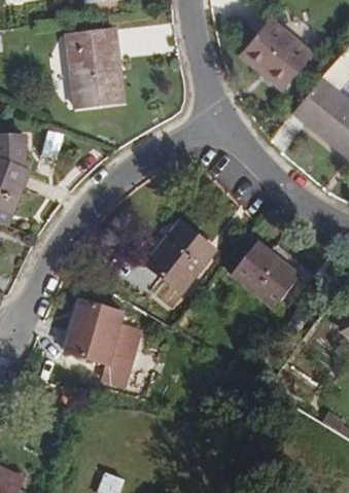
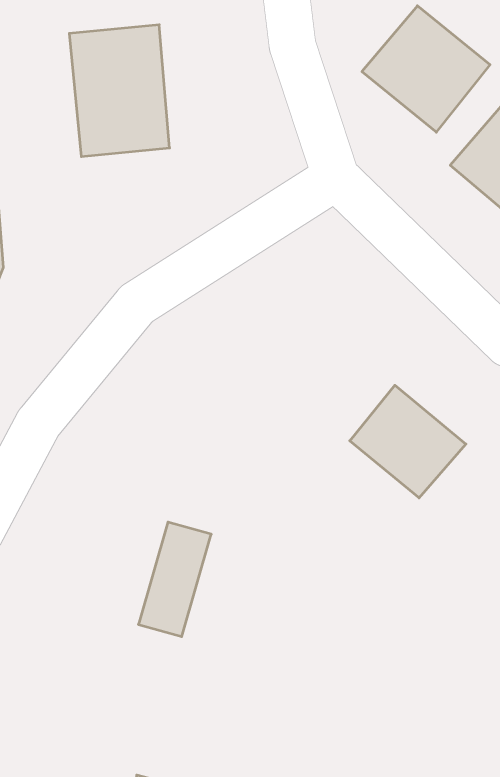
building: [142,220,215,296] -> none
building: [64,303,123,367] -> none

